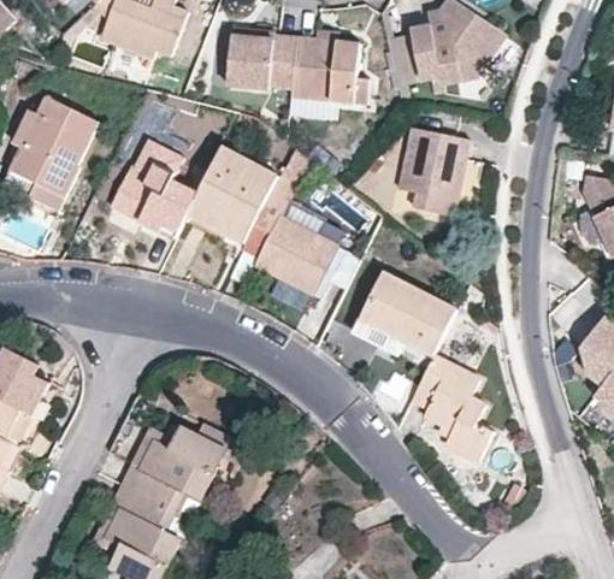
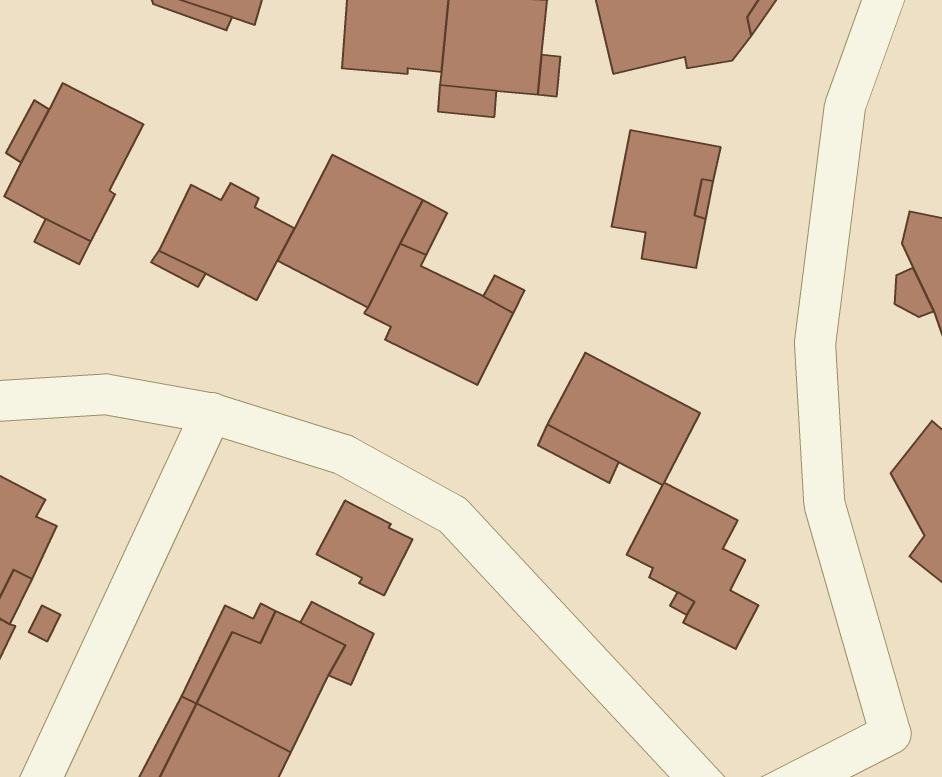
building: none -> [317,500,412,595]

